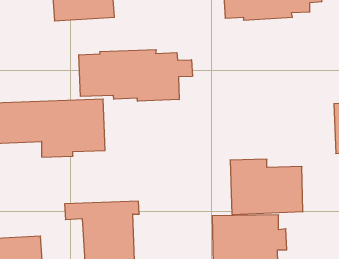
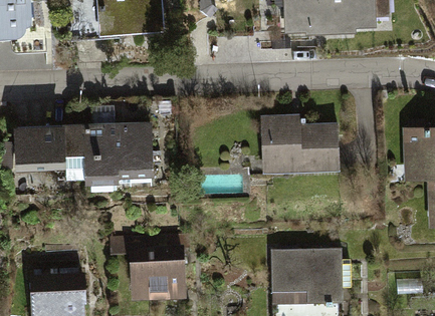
building: [79,50,192,101] -> none
building: [230,159,303,214] -> [260,114,340,175]

